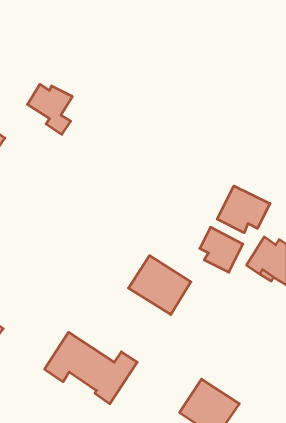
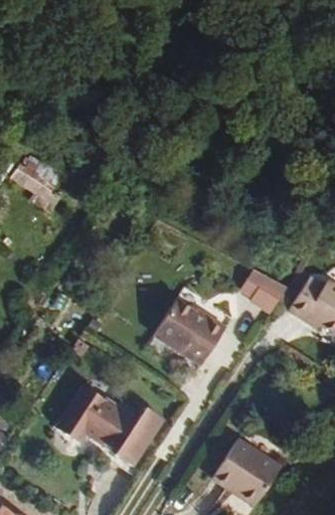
building: [27,84,72,134] -> [13,155,64,212]
building: [217,186,270,233] -> none

